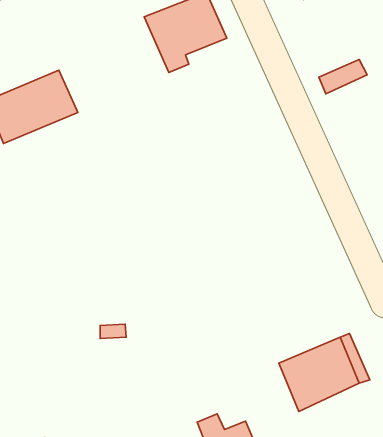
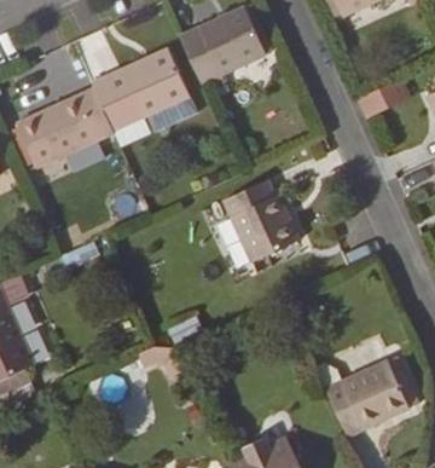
building: none -> [98,47,198,129]
building: none -> [214,184,290,265]

